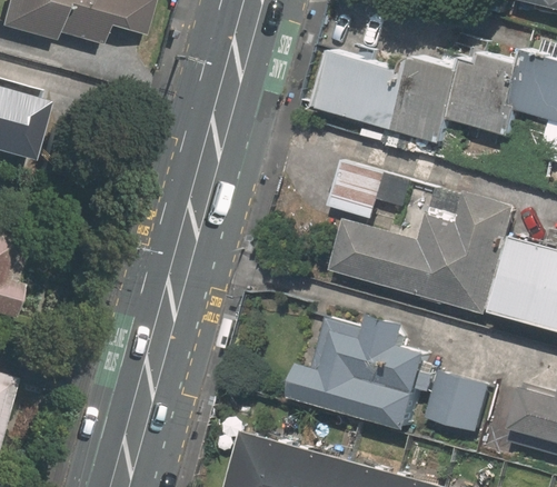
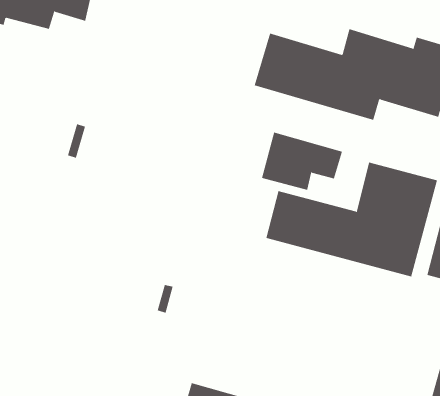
building: [292,316,430,428] -> none
building: [421,370,490,435] -> none

